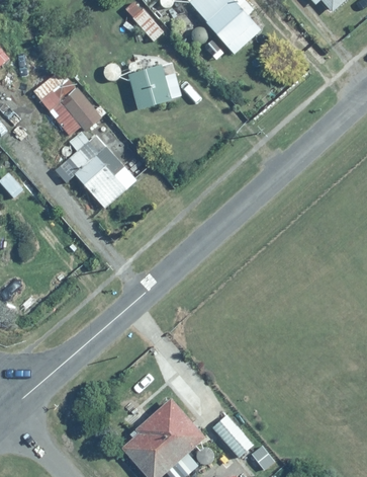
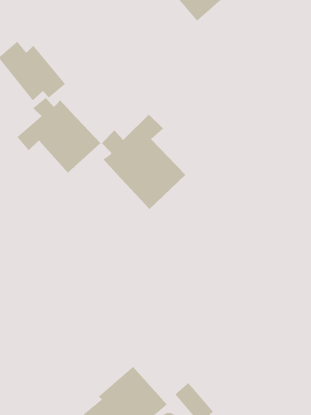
building: [127,63,172,109] -> none
building: none -> [101,114,186,210]

